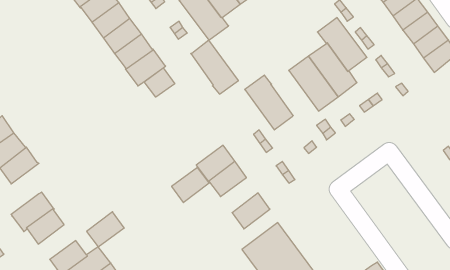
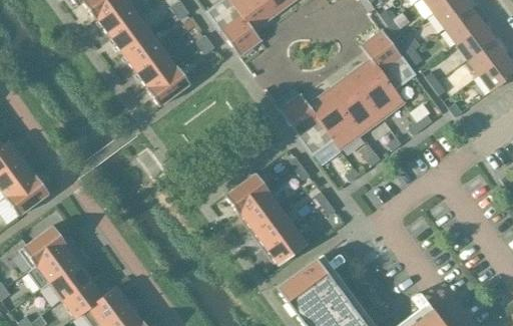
building: [191,40,238,94] -> [309,89,362,149]
building: [144,68,175,97] -> none
building: [172,167,209,203] -> [252,209,295,248]
building: [87,212,124,247] -> [49,261,91,300]

